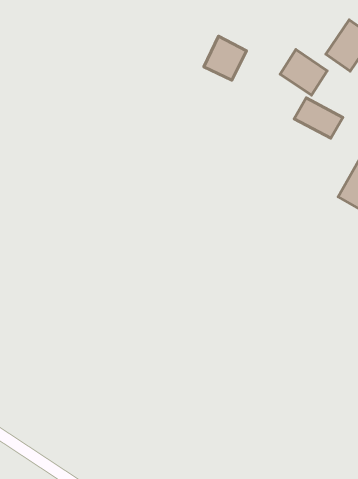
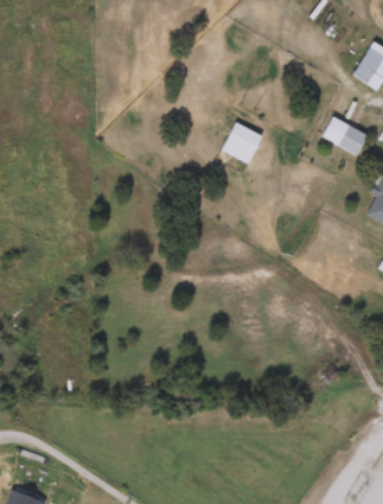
building: [204,36,247,80] -> [221,121,262,164]
building: [280,50,327,95] -> none

